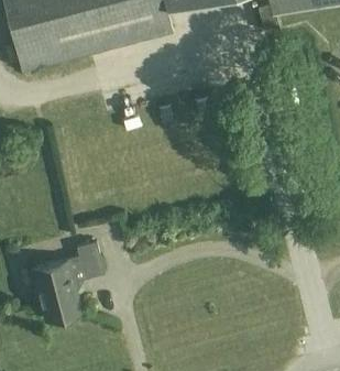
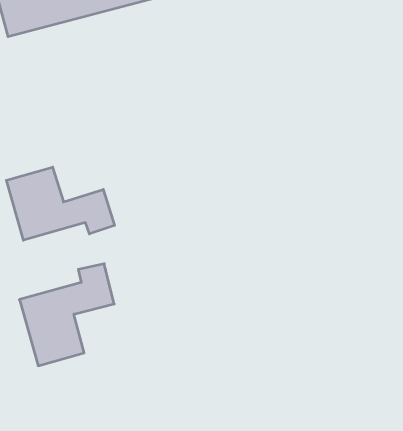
building: none -> [6,167,115,240]

